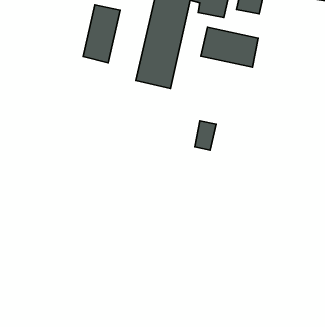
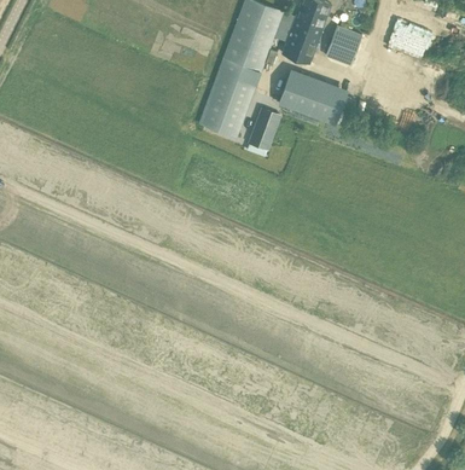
building: [83,5,120,63] -> none
building: [195,121,216,150] -> [251,110,279,145]

